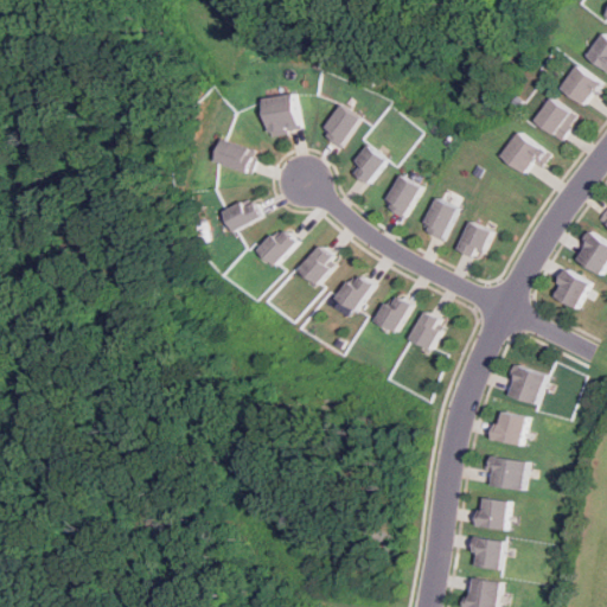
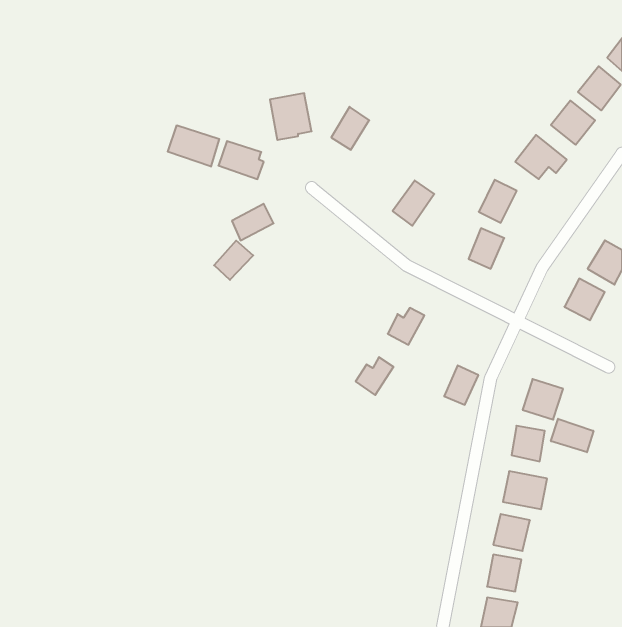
building: none -> [168,125,219,167]
building: [347,145,385,184] -> none
building: [417,198,454,239] -> [479,180,517,223]
building: [261,228,299,266] -> [214,241,253,280]
building: [300,245,338,285] -> none
building: [337,275,373,312] -> [356,357,394,395]
building: [410,312,443,350] -> [444,365,478,405]
building: none -> [551,419,593,452]

